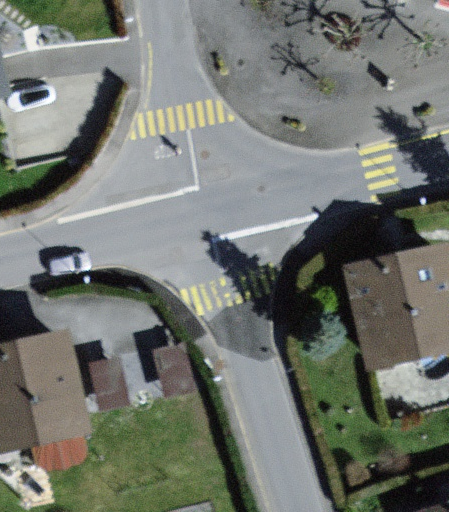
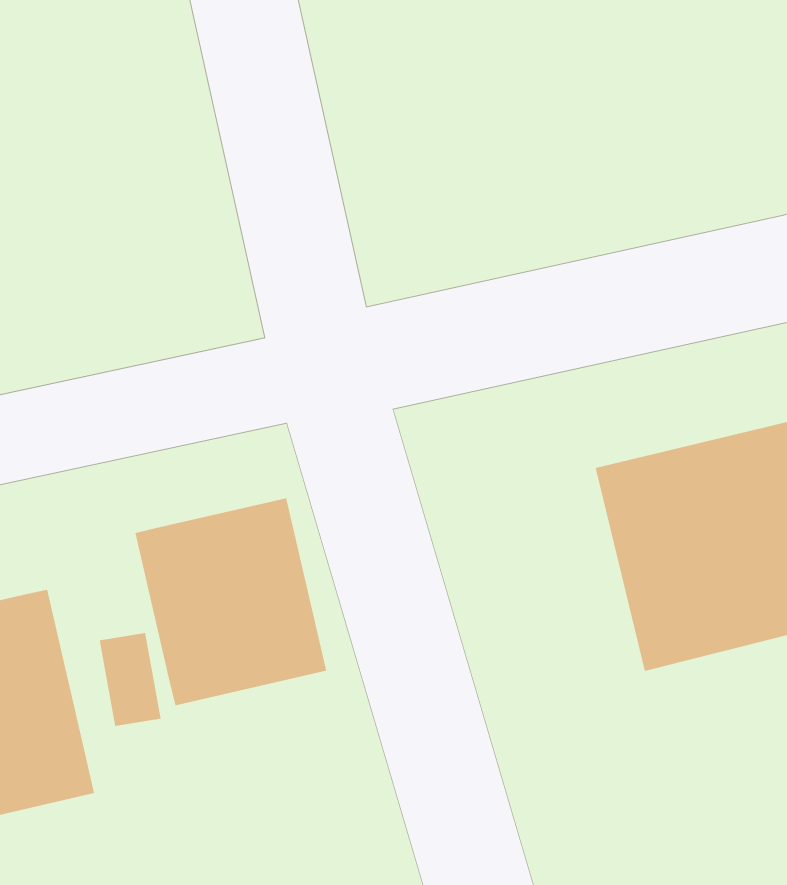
building: none -> [135,498,327,706]

